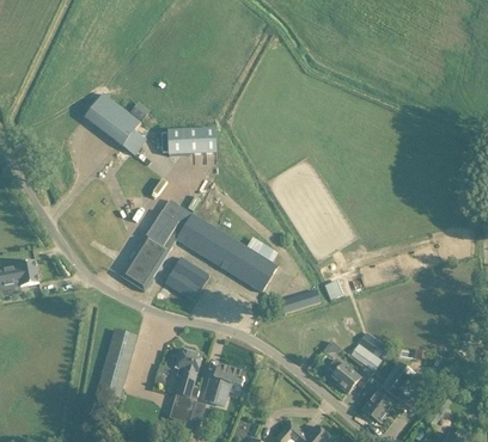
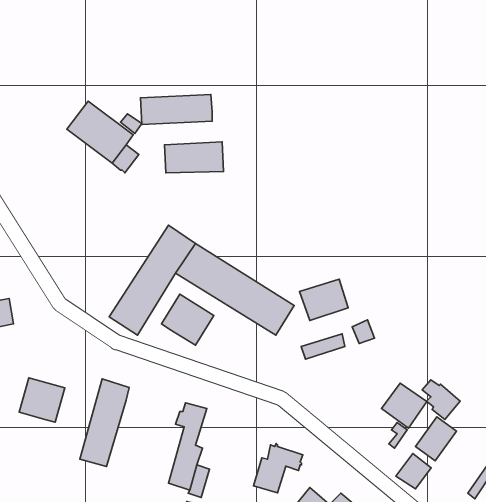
building: none -> [141,95,212,125]
building: none -> [299,279,348,320]
building: none -> [19,378,65,422]
building: [328,358,360,392] -> [422,380,460,419]
building: [203,363,245,405] -> [254,444,303,493]

